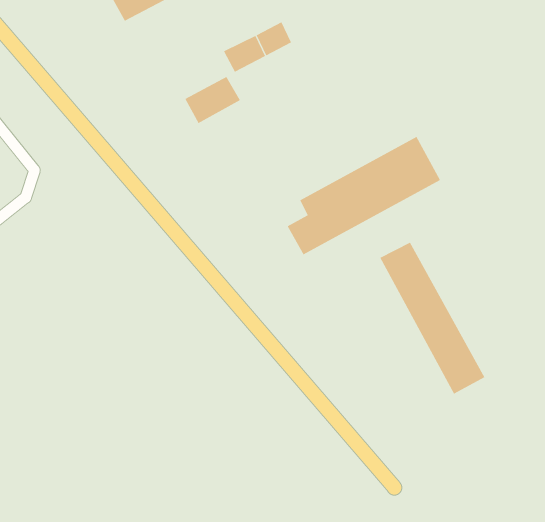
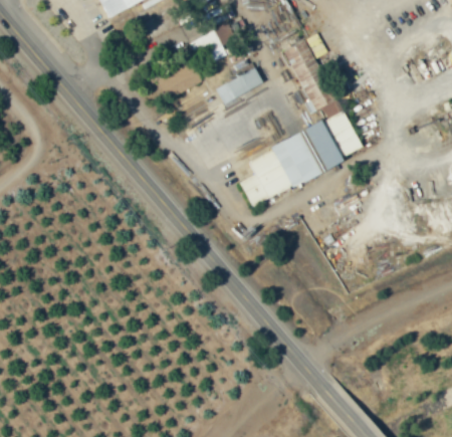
building: none -> [282,40,335,111]
building: none -> [226,68,262,97]
building: [380,242,485,395] -> none

